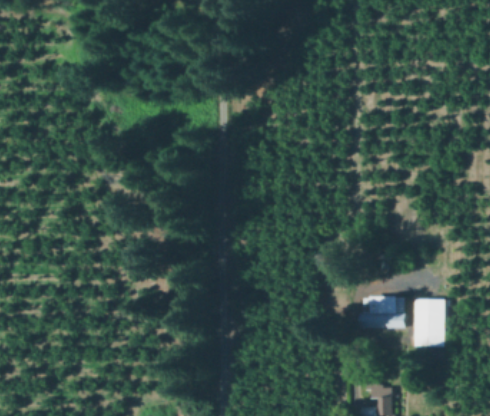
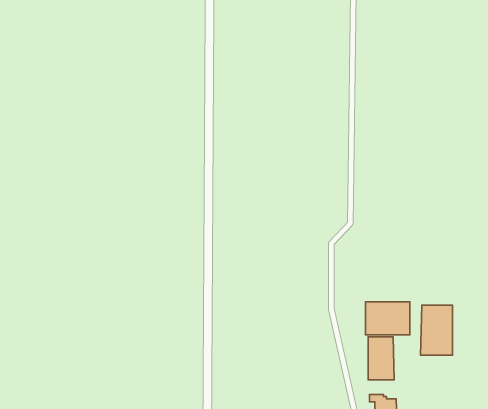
building: none -> [368,337,394,380]

